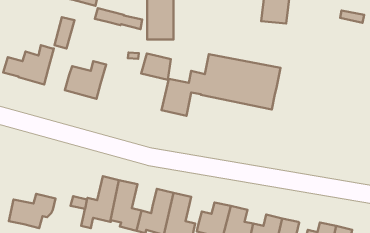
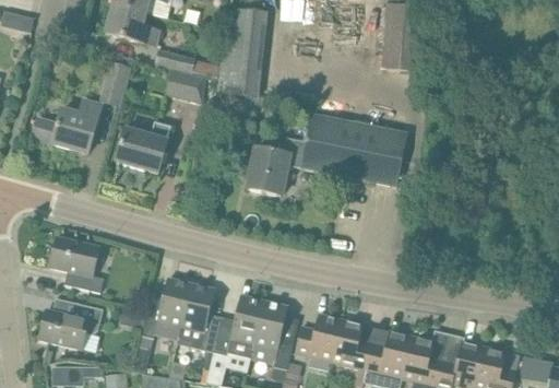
building: [141,53,171,80] -> [166,68,206,104]
building: none -> [49,236,104,292]

